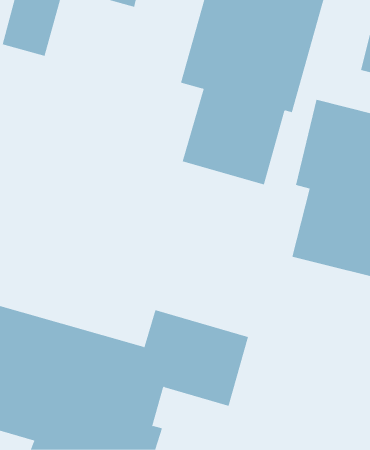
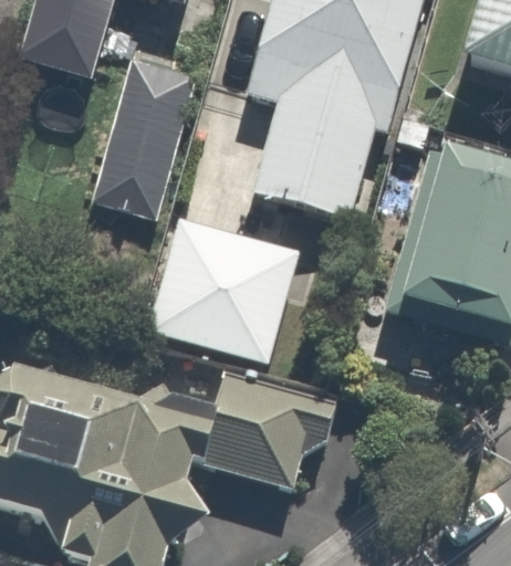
building: none -> [88,57,197,213]
building: none -> [156,217,309,360]

